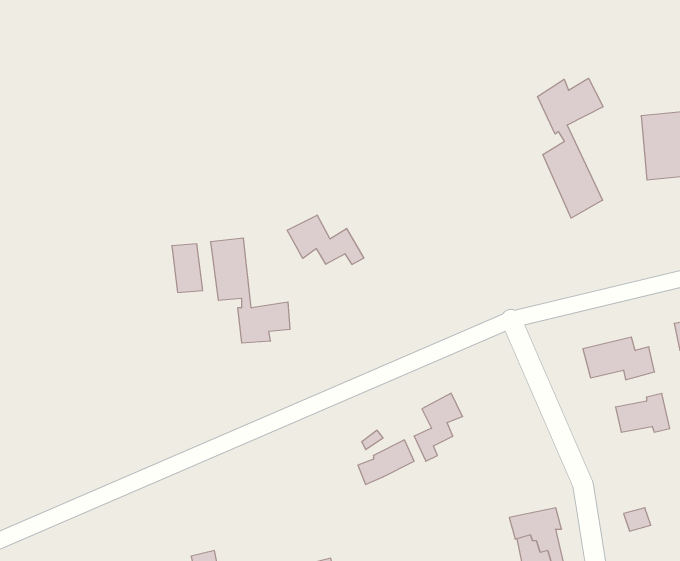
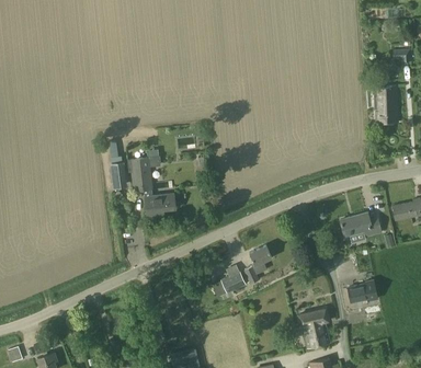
building: [538,78,603,218] -> none
building: [287,215,364,265] -> none
building: [615,393,670,432] -> [346,279,377,301]

